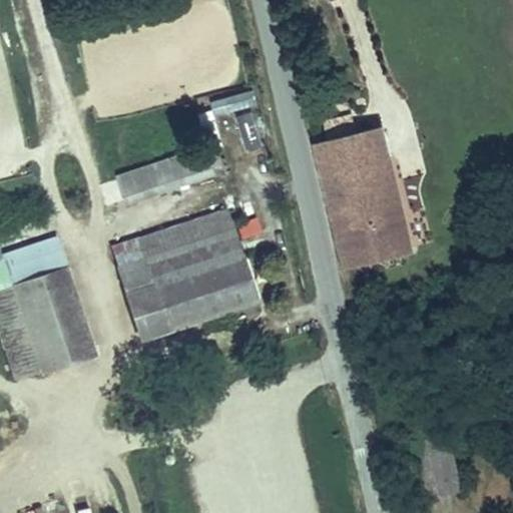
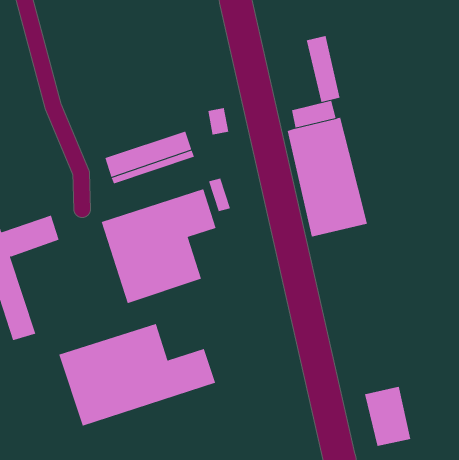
building: none -> [306,35,340,103]
building: [209,253,255,310] -> none
building: [12,267,95,373] -> none
building: none -> [59,323,216,426]

